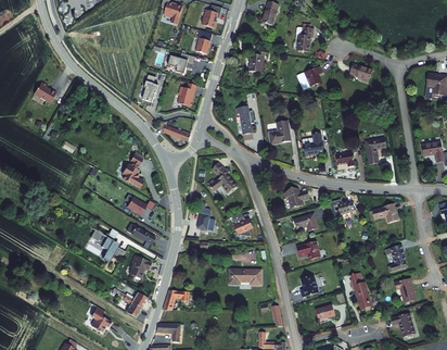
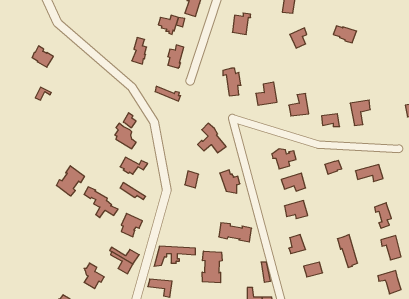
building: none -> [56,166,84,196]
building: none -> [202,251,222,283]

